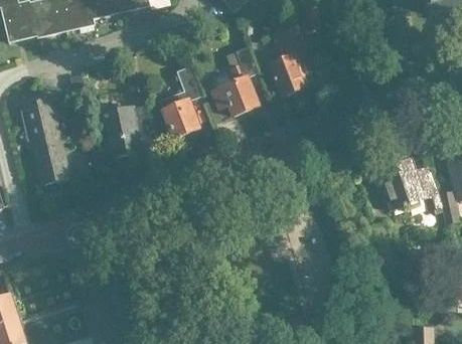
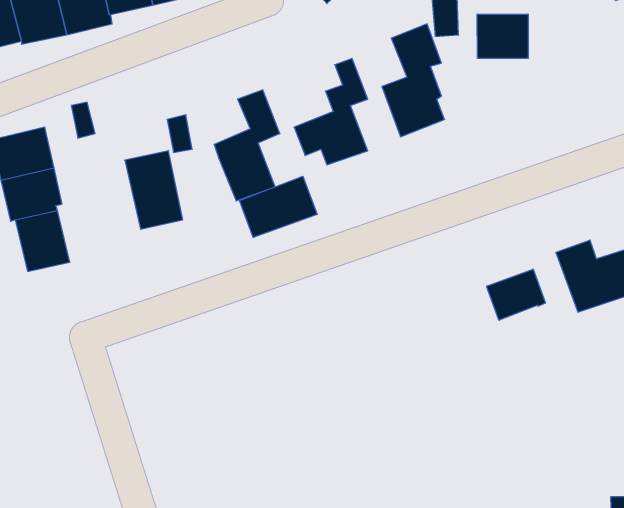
building: none -> [477,14,528,58]
building: none -> [240,176,317,238]
building: none -> [487,269,546,320]

